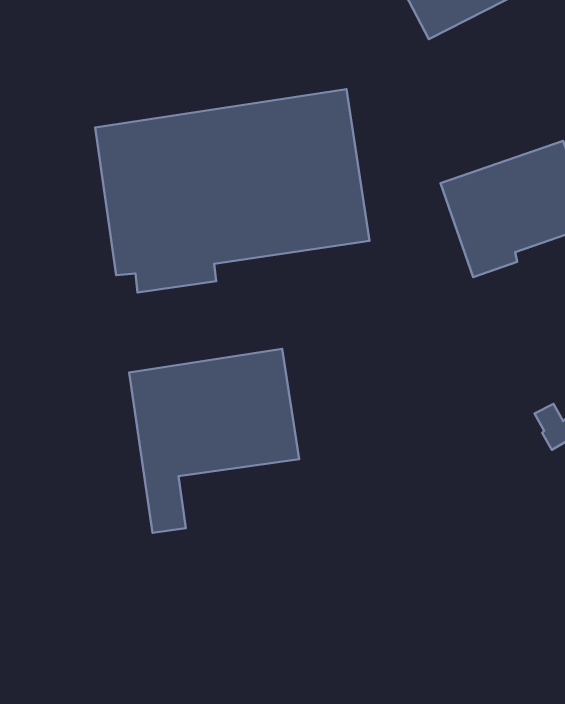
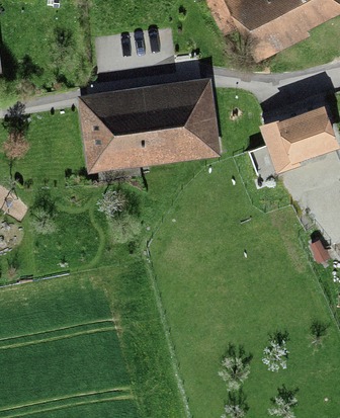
building: [129,349,299,533] -> none

